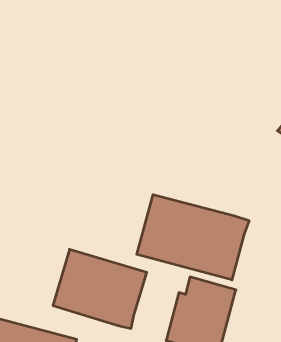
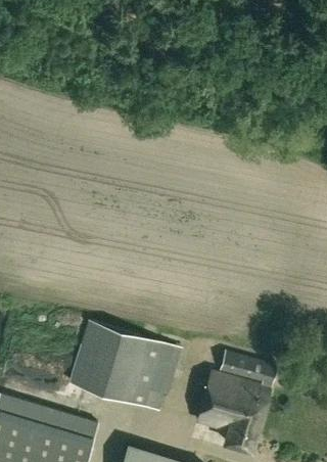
building: [137,195,249,280] -> none

